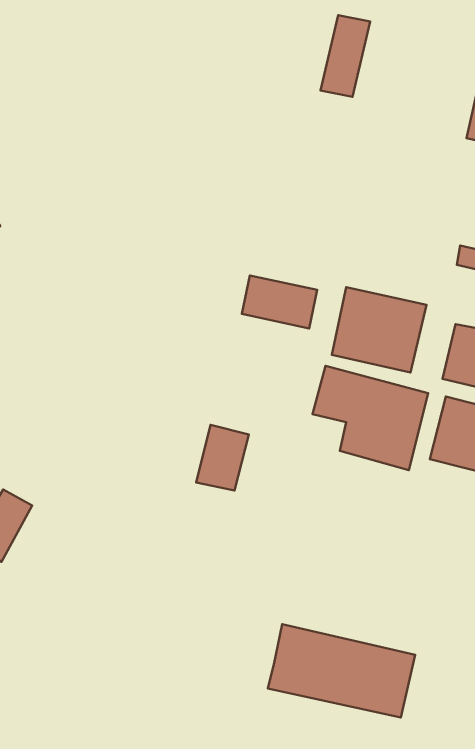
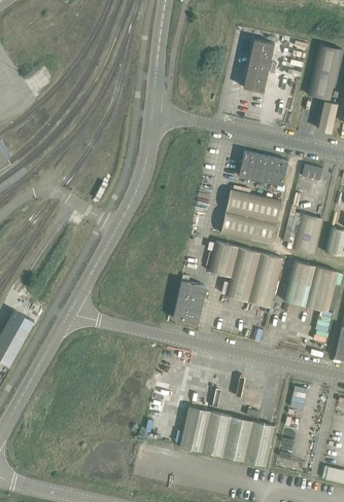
building: [321,15,370,97] -> [243,39,275,92]
building: [242,275,317,328] -> [240,152,288,186]
building: [196,425,249,491] -> [173,281,207,323]

